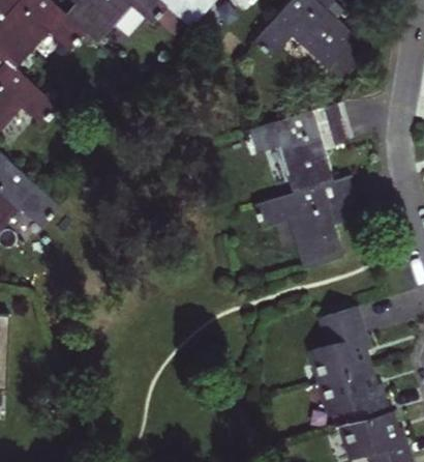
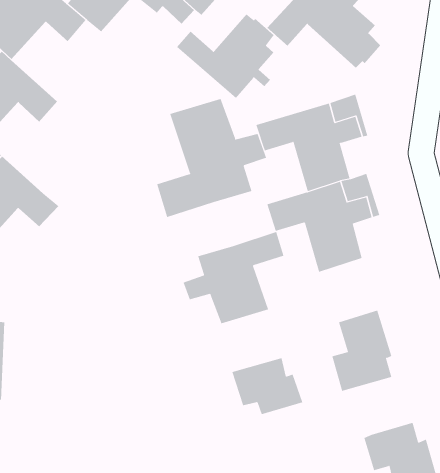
building: none -> [176,13,275,99]
building: none -> [157,98,267,218]
building: none -> [183,231,284,324]
building: [324,368,391,422] -> [231,357,303,415]

